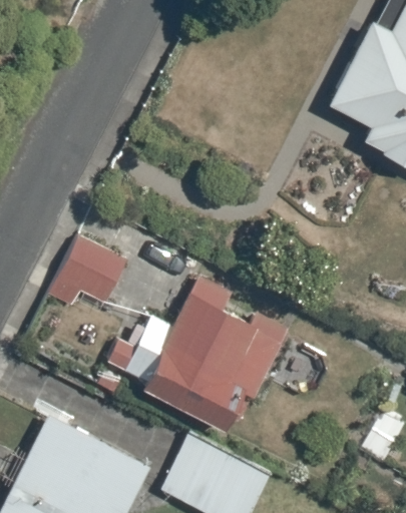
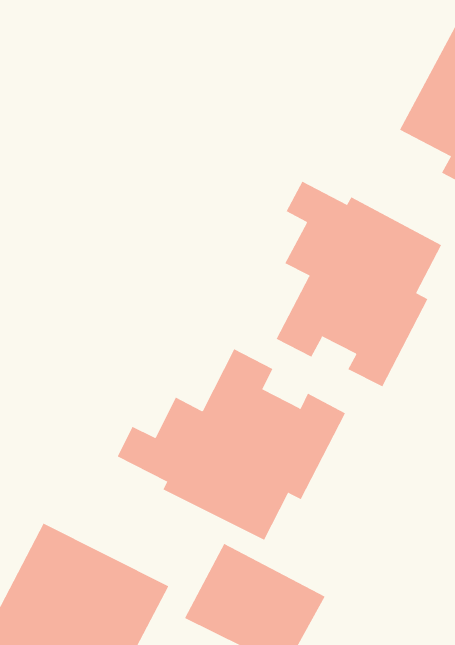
building: none -> [276,181,442,387]
building: [48,237,127,307] -> none

